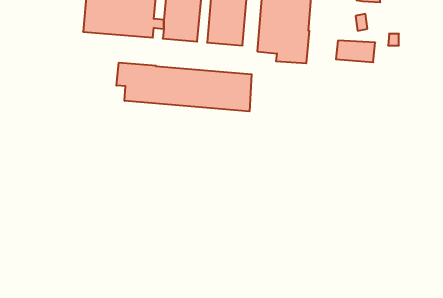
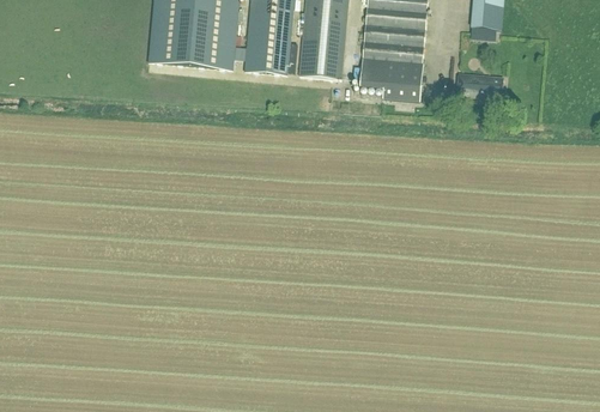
building: [116,63,252,111] -> none

